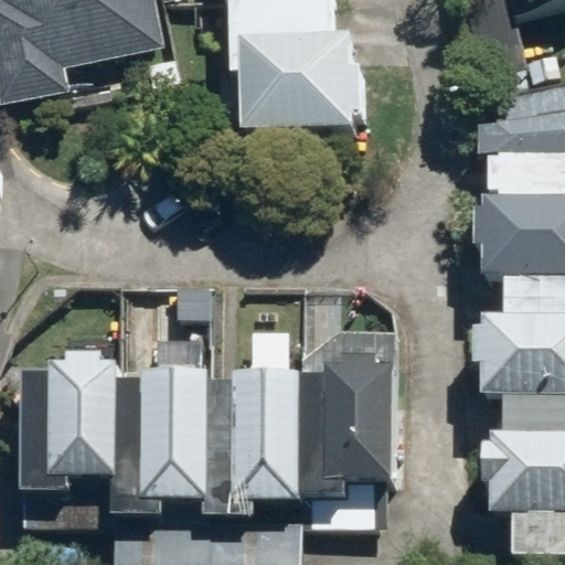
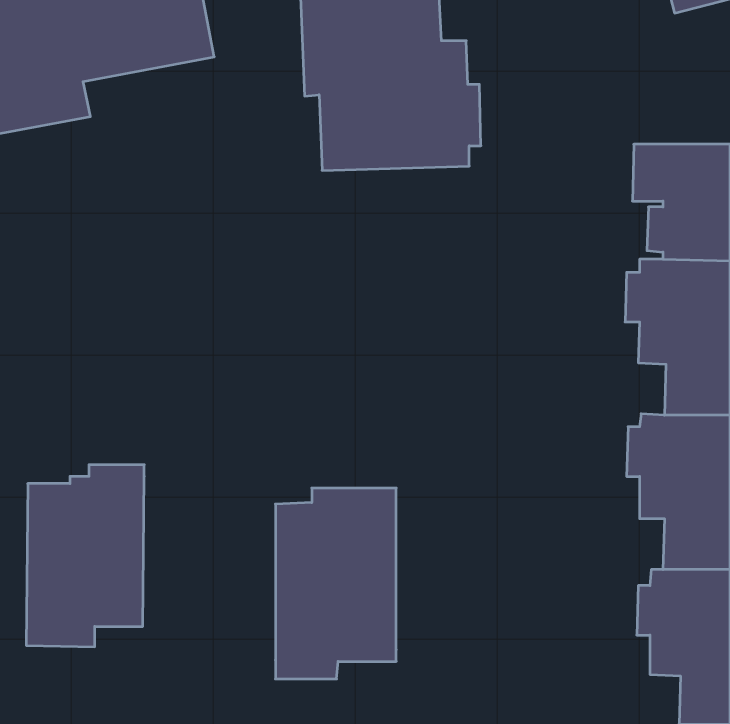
building: [300,353,396,493] -> none
building: [107,361,210,513] -> none

